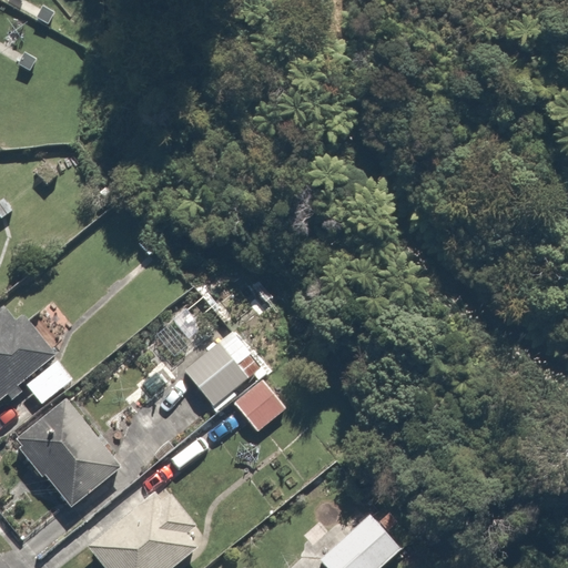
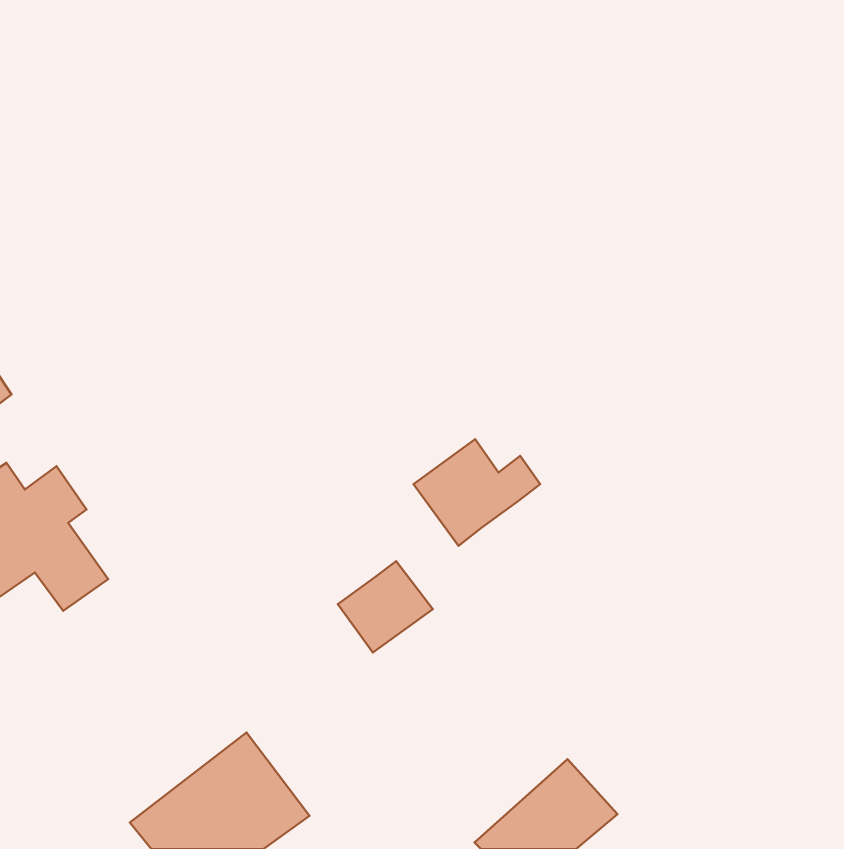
building: [180,344,264,415] -> [414,439,540,546]
building: [9,399,115,508] -> none

